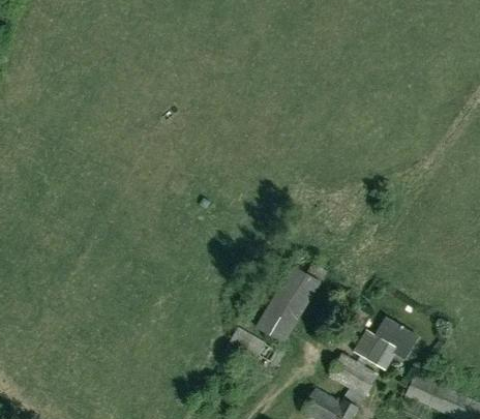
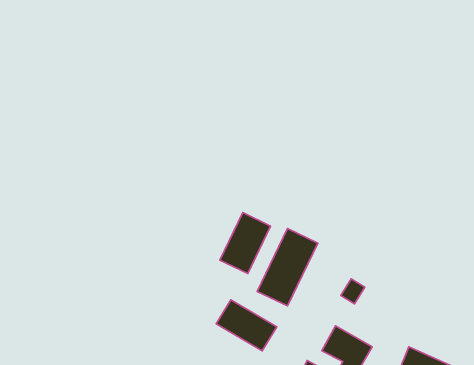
building: none -> [220,213,271,273]
building: [352,315,418,370] -> none

